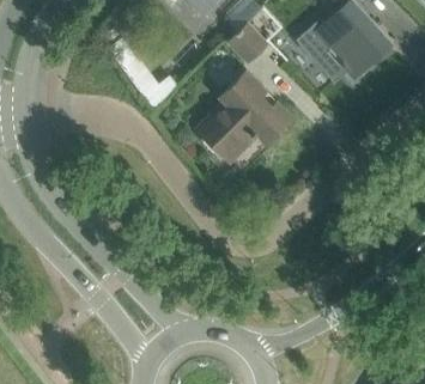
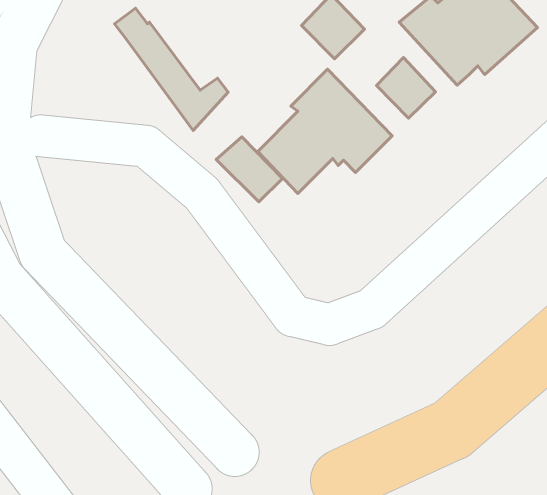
building: none -> [376,57,436,118]
building: none -> [216,137,283,202]

